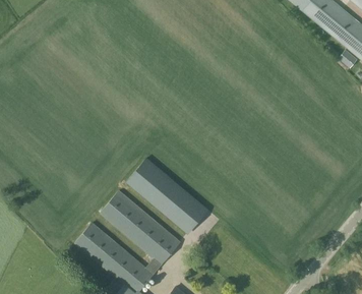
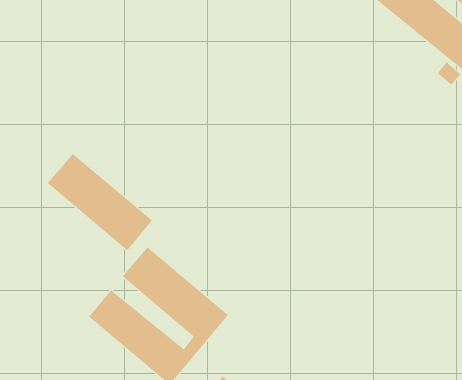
building: [127,159,207,233] -> [47,153,153,251]

